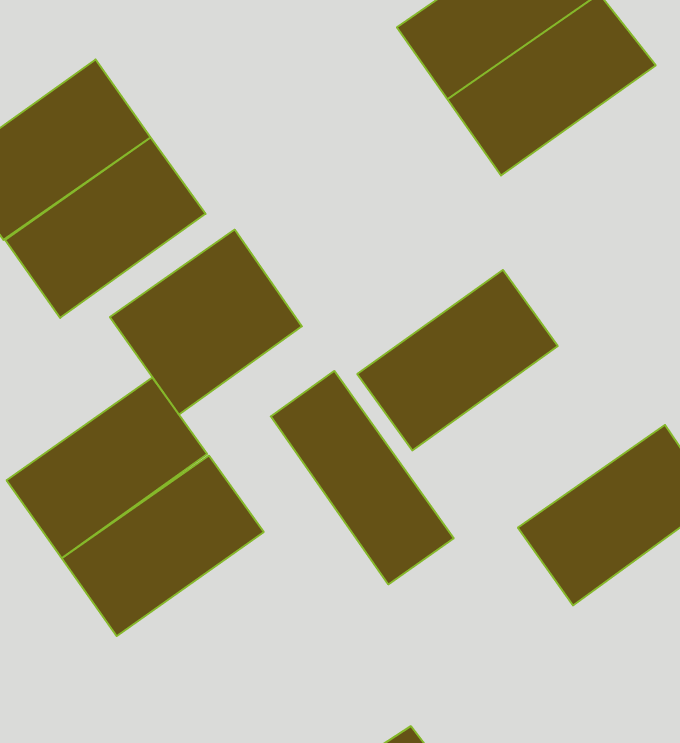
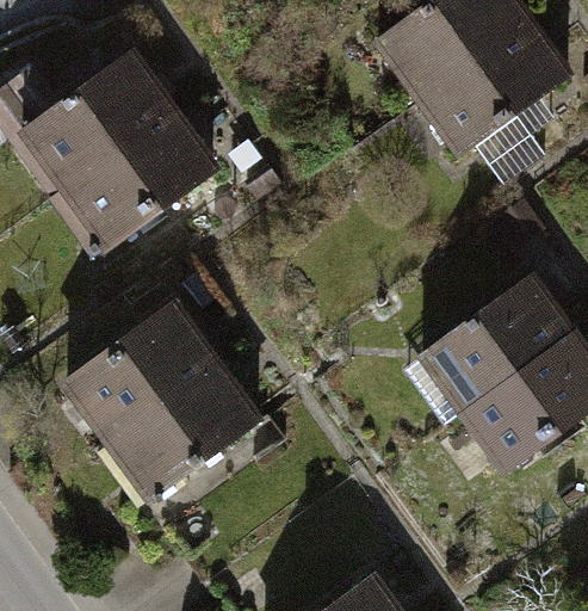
building: [110,230,302,415] -> none
building: [357,270,558,450] -> [416,278,572,419]
building: [271,371,454,584] -> none

